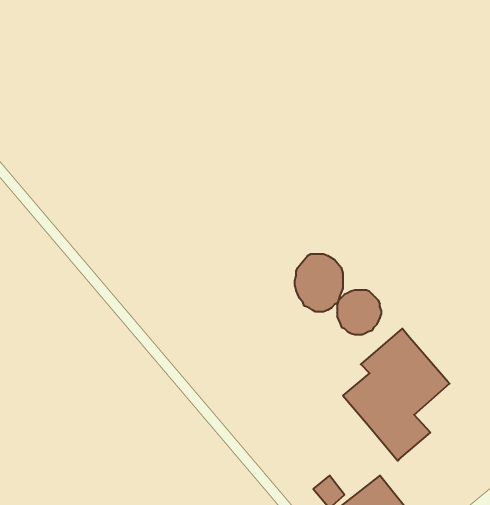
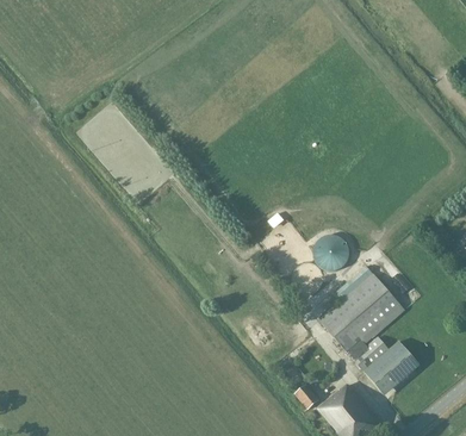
building: [295,254,343,312] -> none
building: none -> [364,340,421,395]

